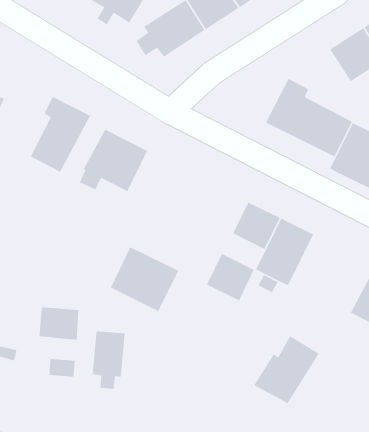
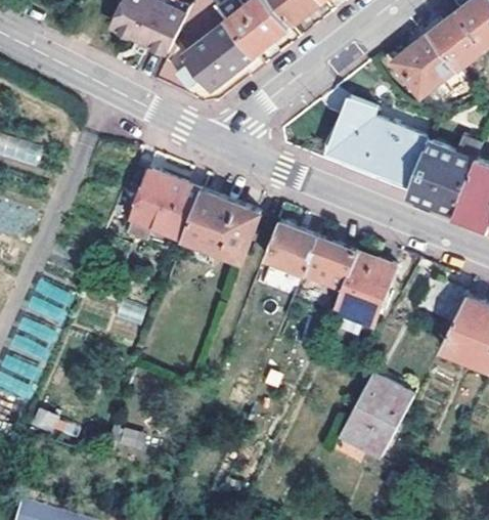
building: [30,96,91,173] -> none
building: [110,246,179,312] -> [183,190,259,261]
building: [206,253,255,301] -> [264,222,317,274]
building: [39,306,79,340] -> none
building: [92,331,125,389] -> none

